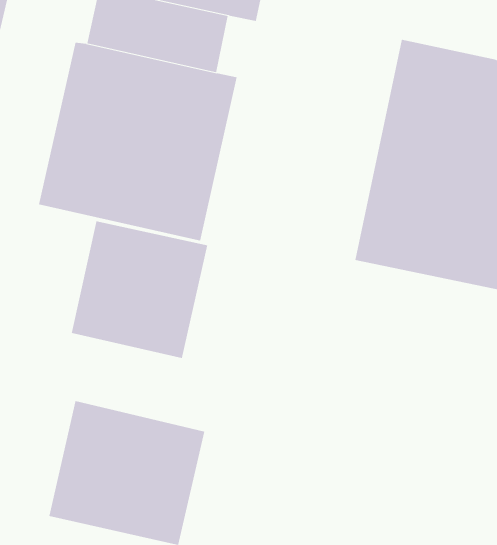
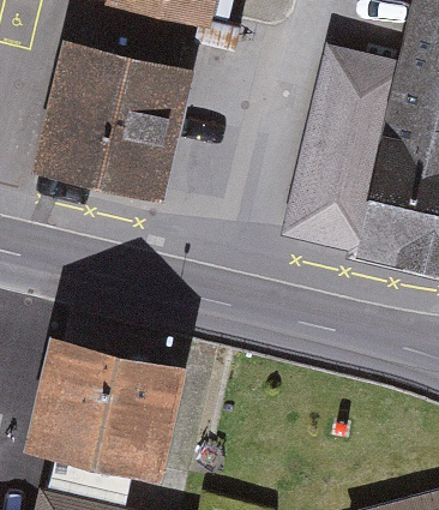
building: [71,221,208,359] -> none

